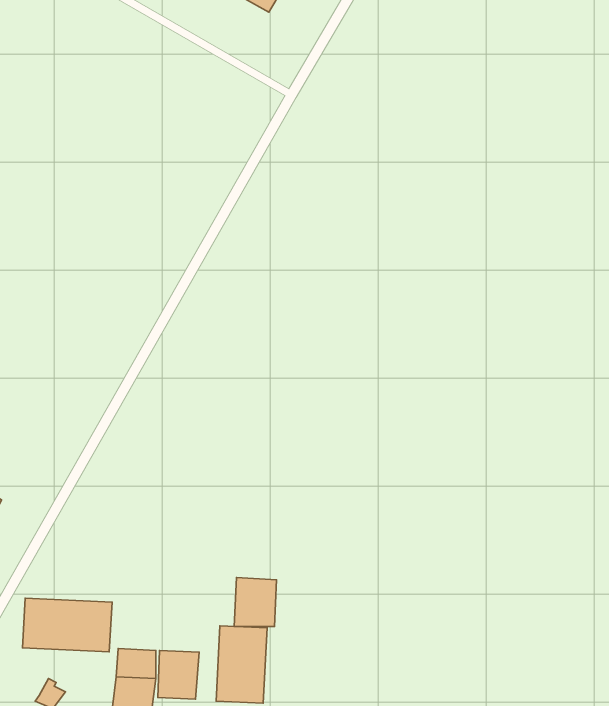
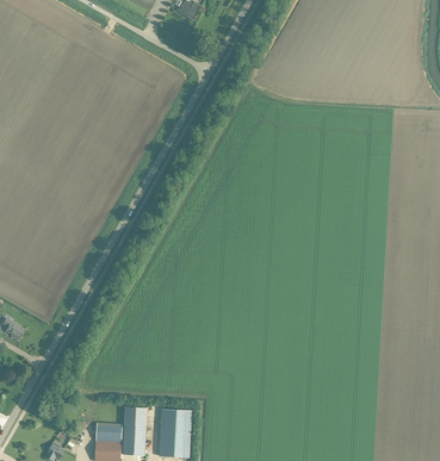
building: [234,578,277,627] -> none
building: [22,598,112,652] -> none

